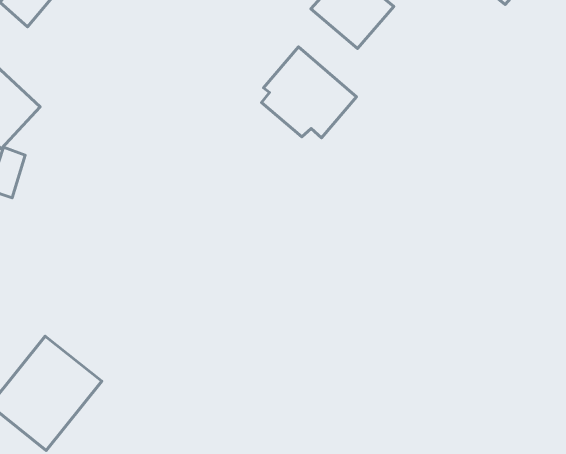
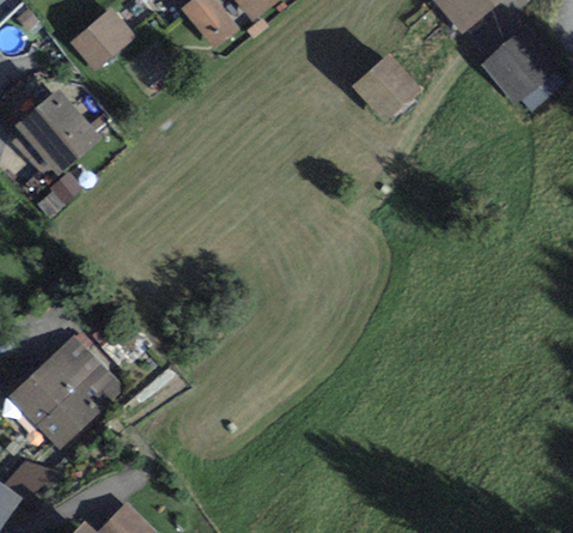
building: [262,47,357,138] -> none

